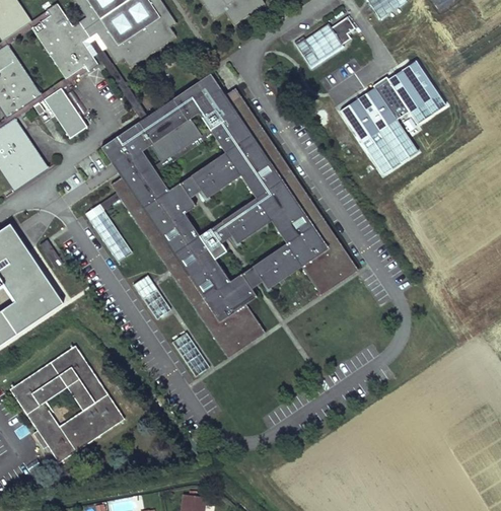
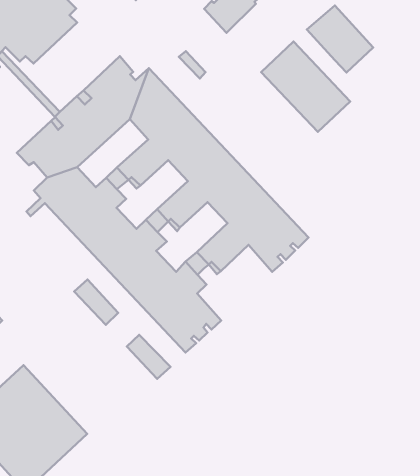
building: [373,76,409,118] -> none
building: [85,203,133,262] -> none

